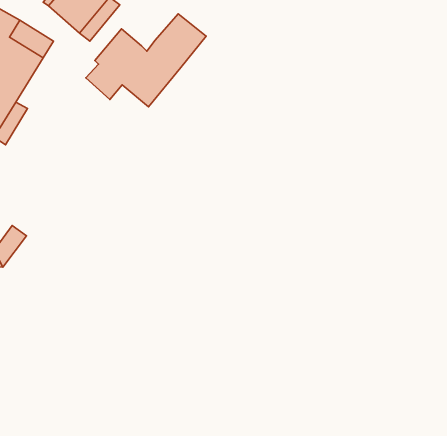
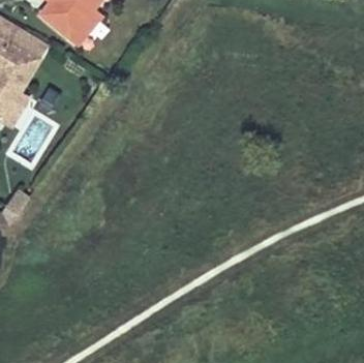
building: [86,14,206,107] -> none

